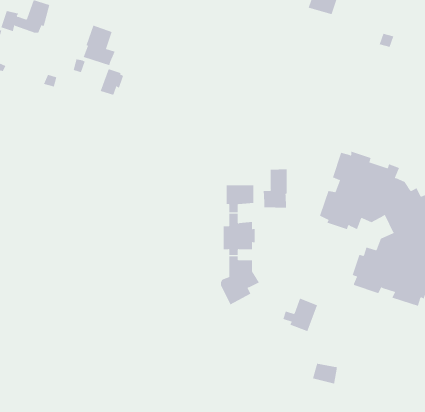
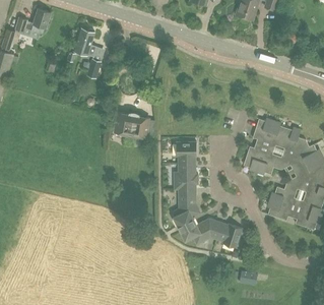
building: none -> [114,111,148,137]
building: [263,169,287,208] -> none
building: none -> [179,218,218,243]

